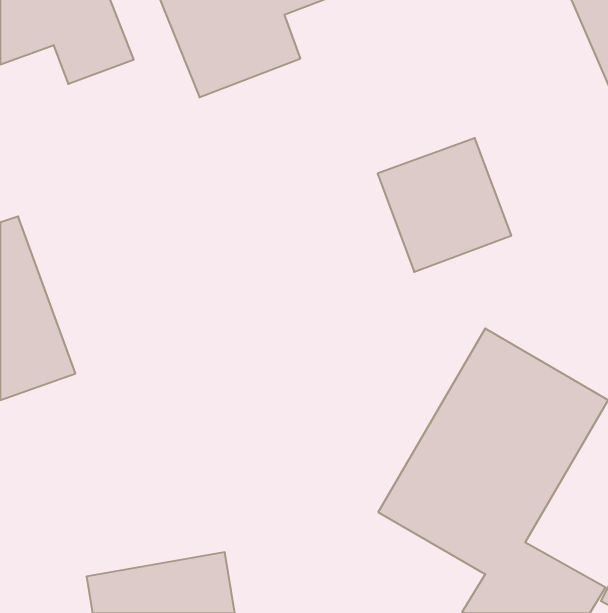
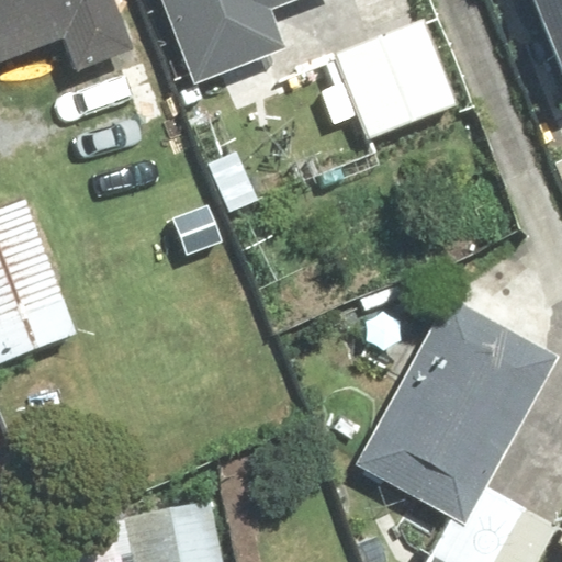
building: [378,138,511,272] -> [334,19,454,139]

